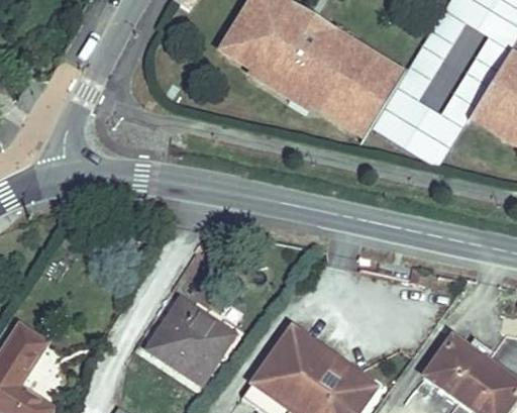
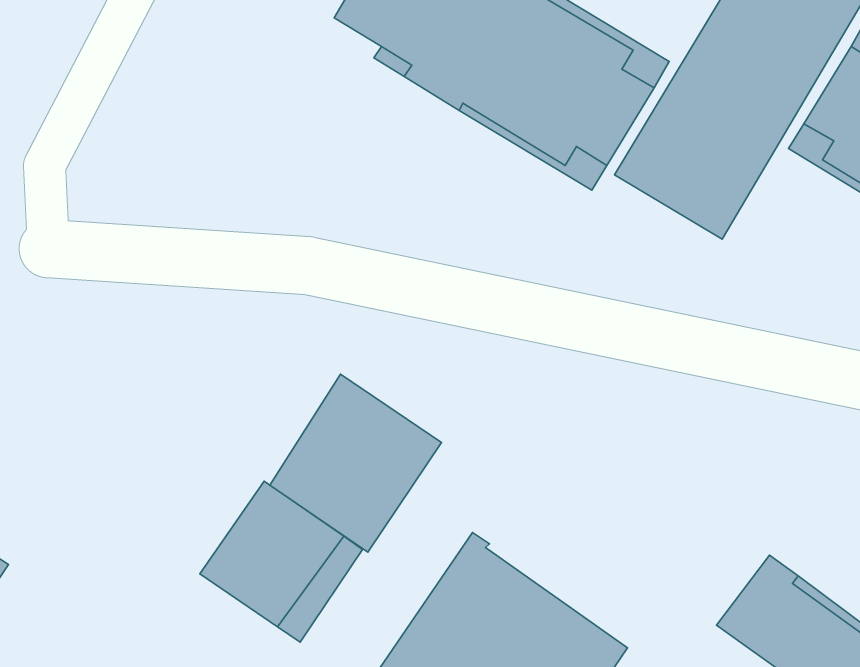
building: none -> [270,374,442,552]

